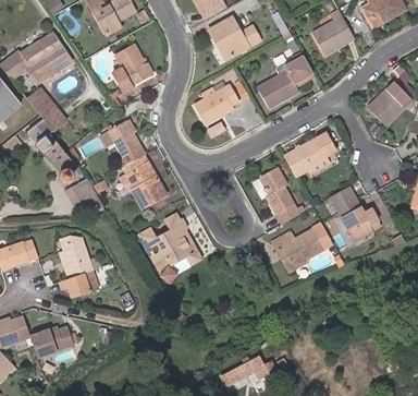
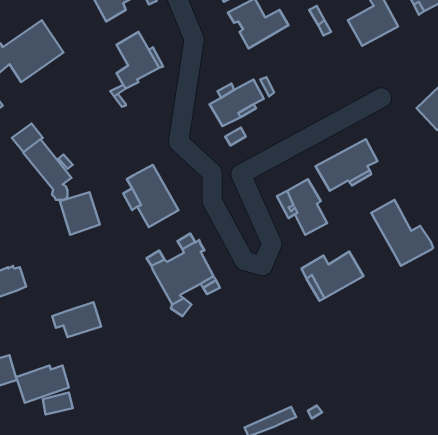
building: [257,57,312,107] -> none
building: [27,87,66,132] -> none
building: [108,120,146,164] -> none
building: [63,235,96,278] -> none

